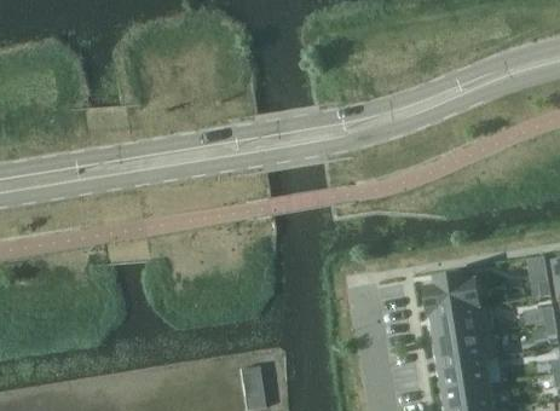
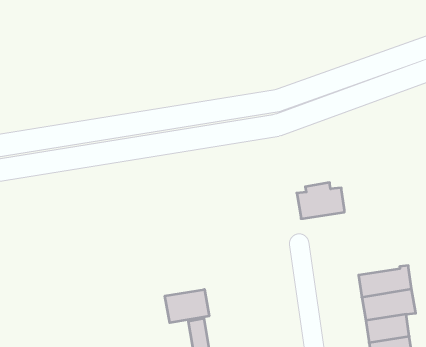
building: [423,274,478,316] -> [297,183,344,219]
building: none -> [165,289,209,323]

